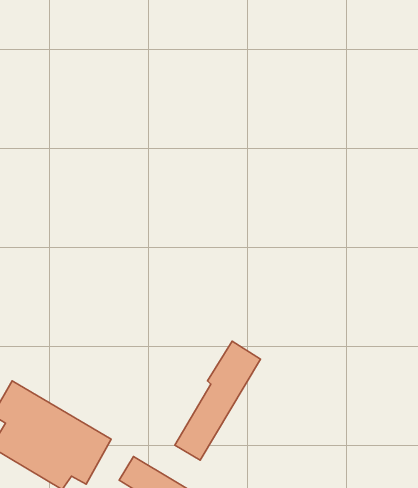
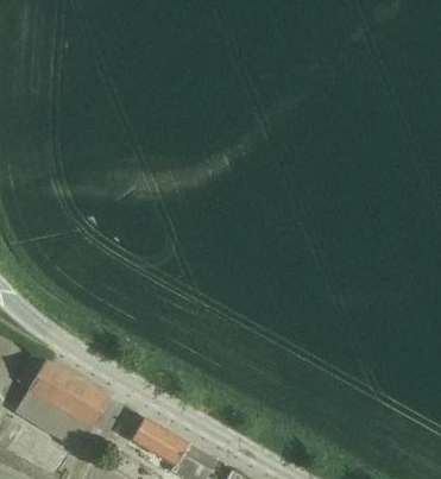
building: [175,341,261,460] -> none

